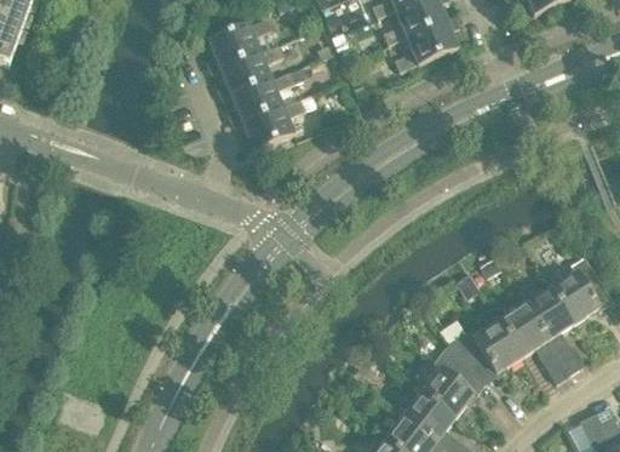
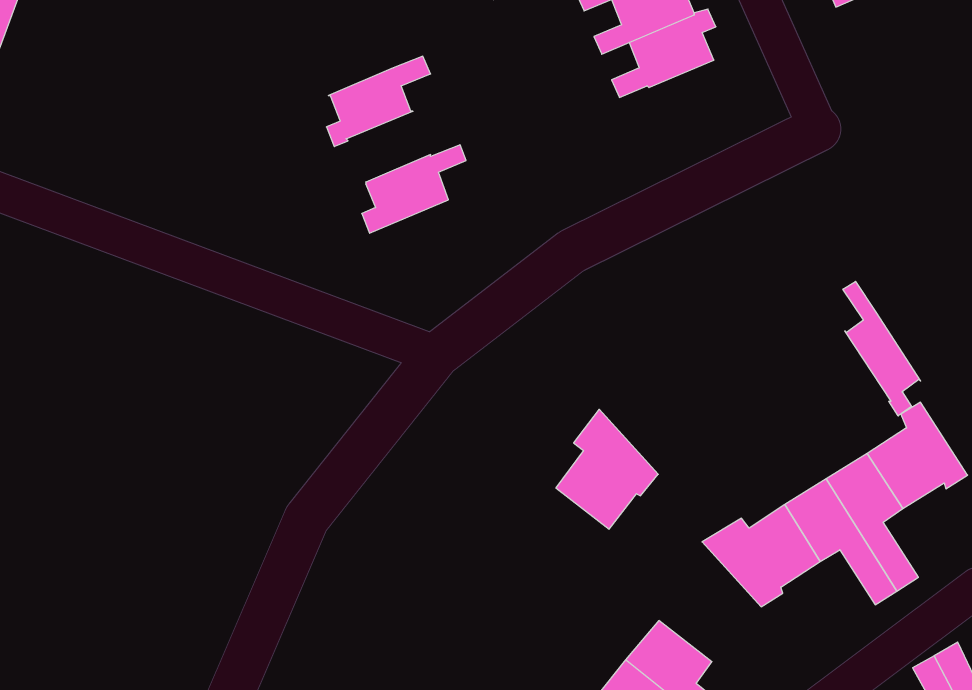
building: [206,16,271,71] -> none
building: [229,65,305,126] -> none
building: none -> [843,281,921,416]
building: [423,343,486,417] -> [556,409,658,529]

